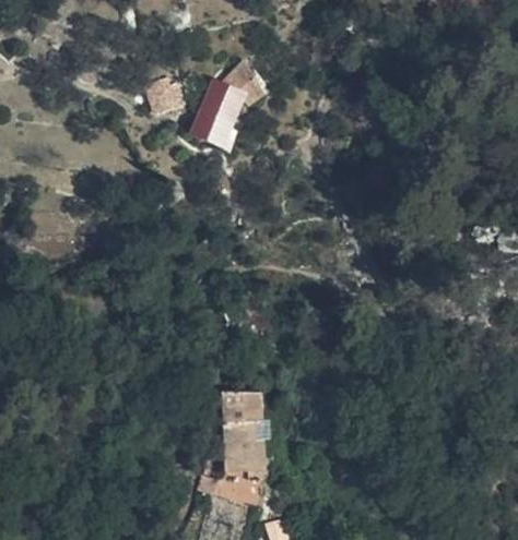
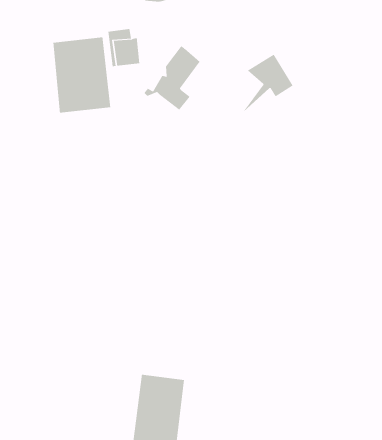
building: [216,63,264,125] -> [243,54,294,112]
building: none -> [53,37,111,113]

